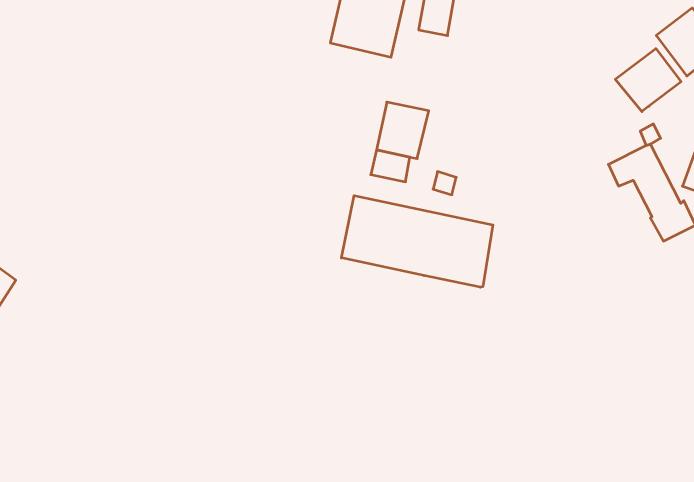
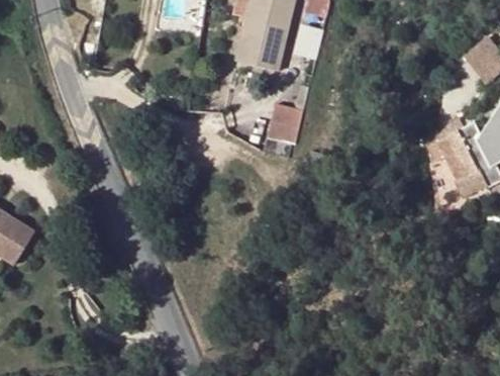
building: [615,49,681,112] -> none
building: [341,196,493,287] -> none

